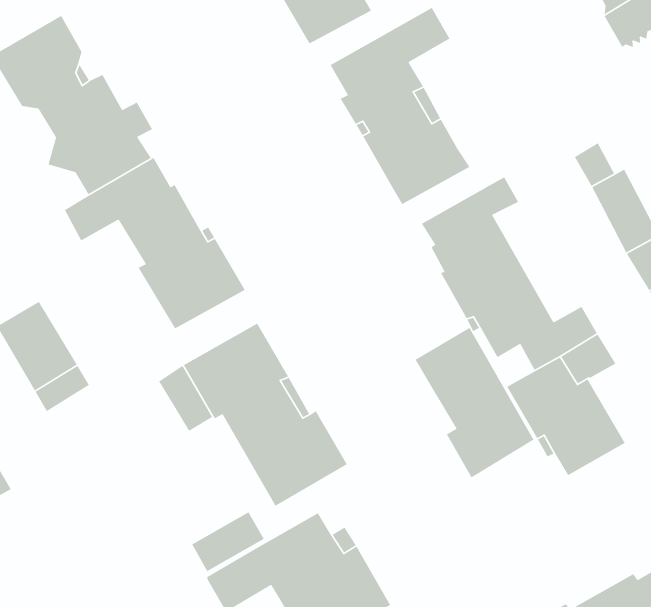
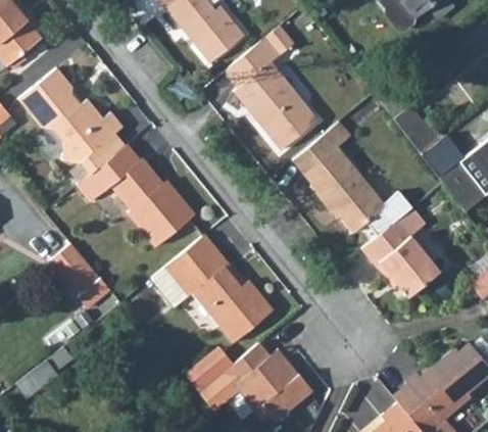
building: [415,327,534,479] -> none

